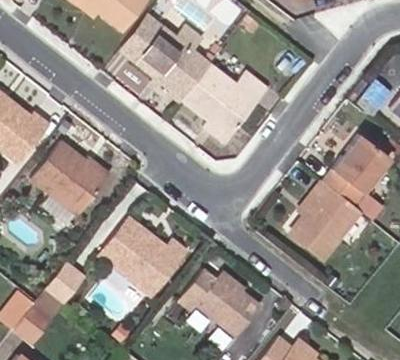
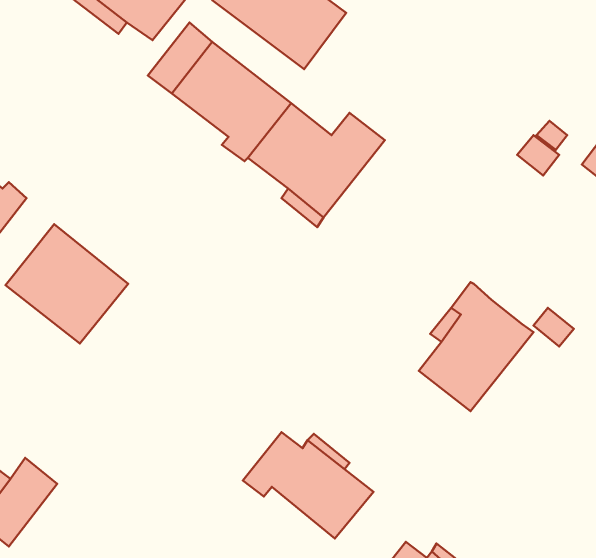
building: [323,129,391,203] -> none
building: [100,214,186,292] -> none
building: [45,259,86,302] -> none

